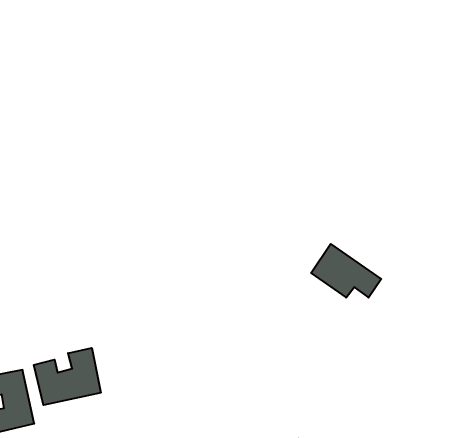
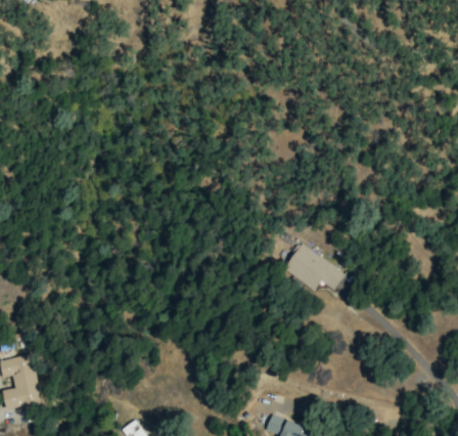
building: [34,348,101,405] -> none

